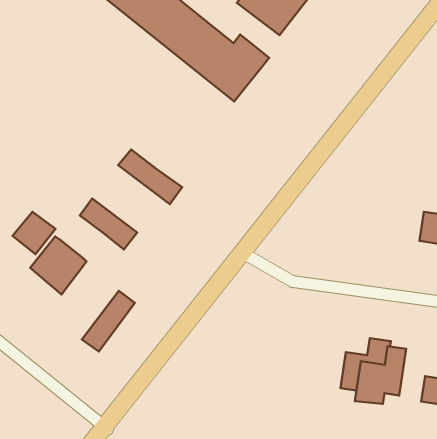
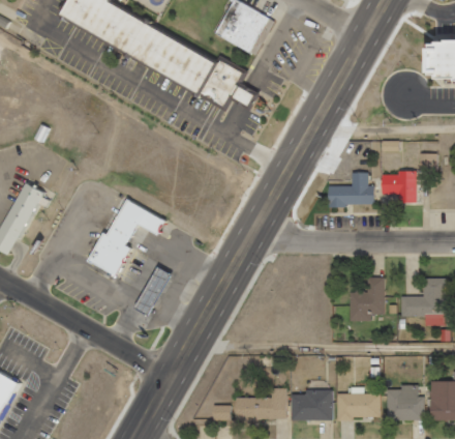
building: [118,149,182,204] -> none
building: none -> [328,173,374,207]
building: [12,212,56,254] -> [107,214,139,246]

